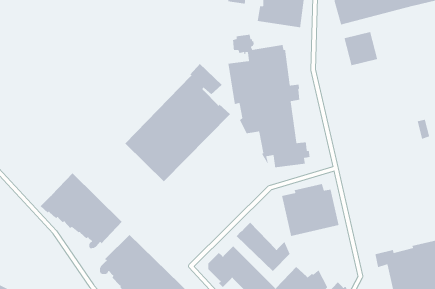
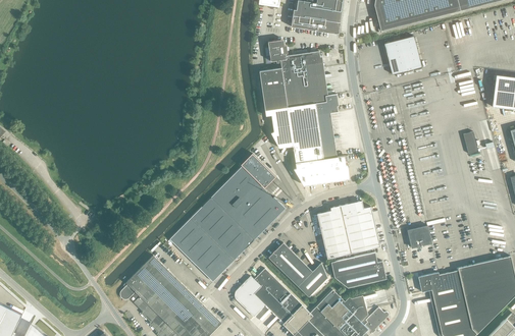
building: [124,63,231,182] -> [170,153,286,281]
building: [40,172,123,249] -> none
building: none -> [408,225,432,247]
building: none -> [331,251,387,287]

